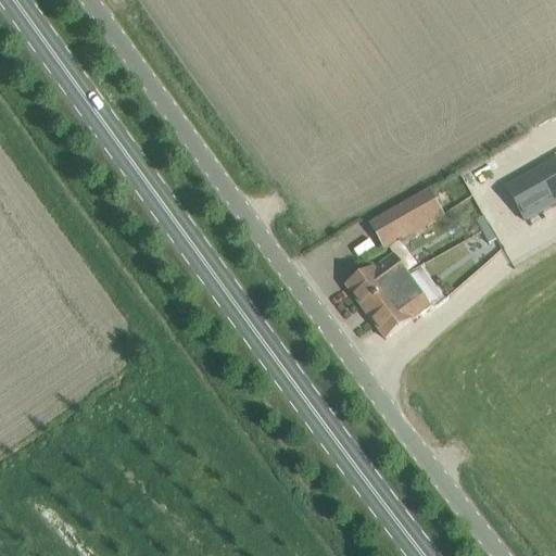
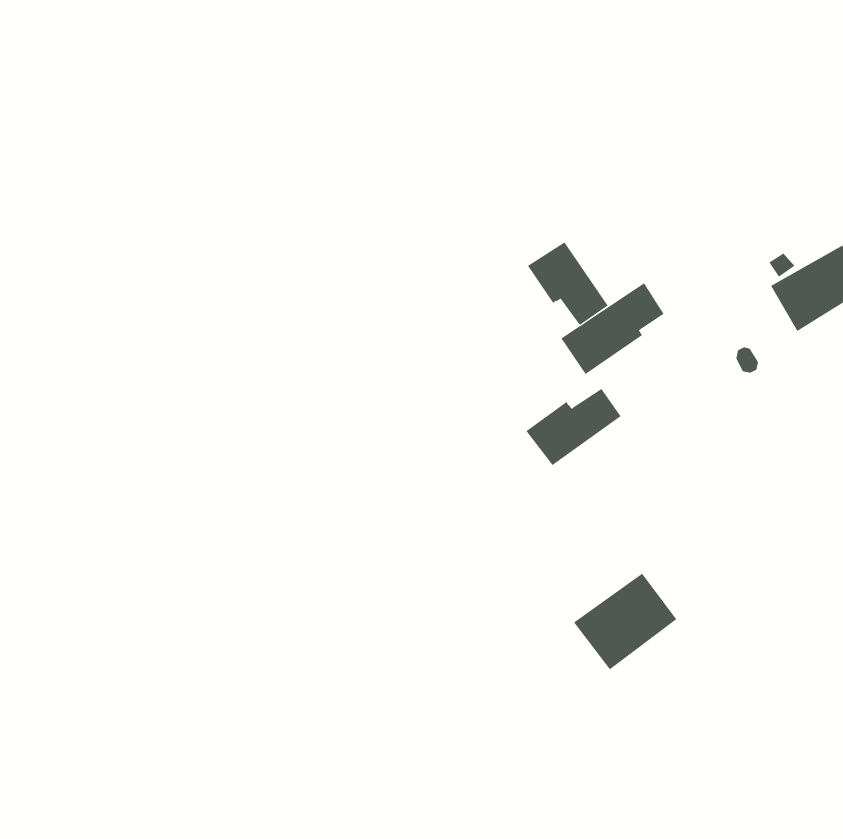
building: none -> [527,241,608,326]
building: [364,274,432,338] -> [573,573,677,670]

